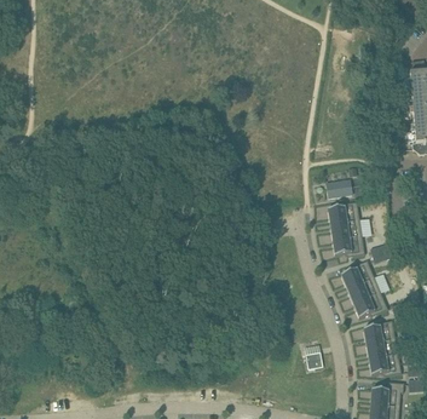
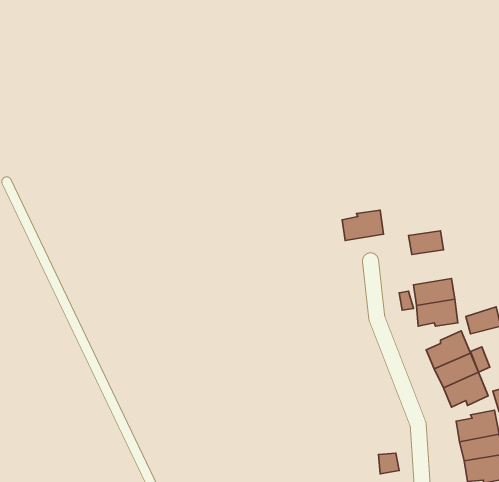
building: [328,201,359,224] -> [342,210,383,240]

